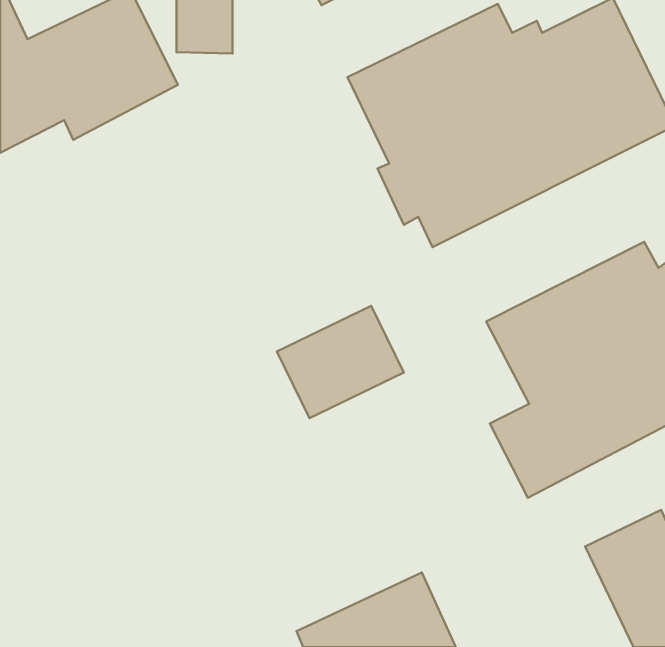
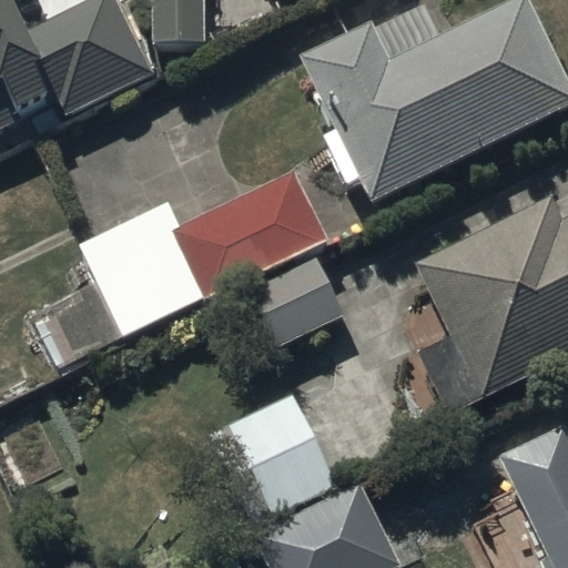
building: none -> [31,171,327,368]
building: none -> [209,397,338,529]

